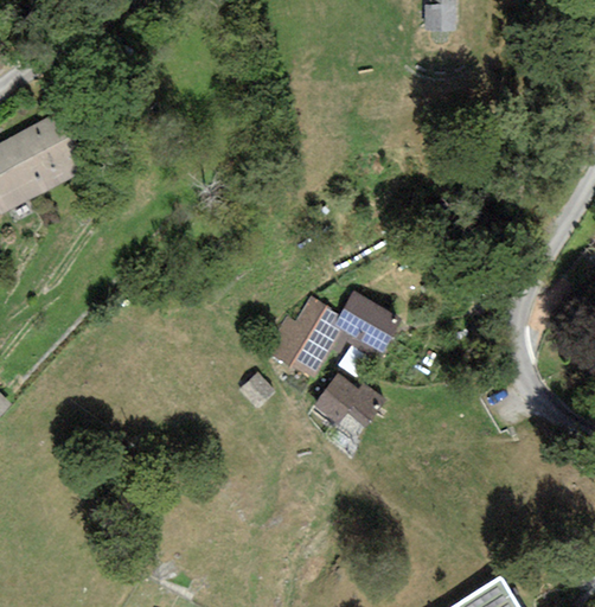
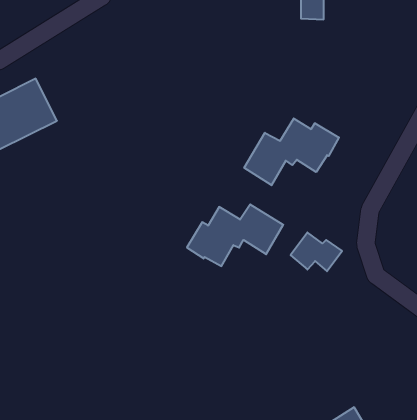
building: none -> [244,118,339,185]
building: [313,372,385,427] -> [291,232,342,271]

